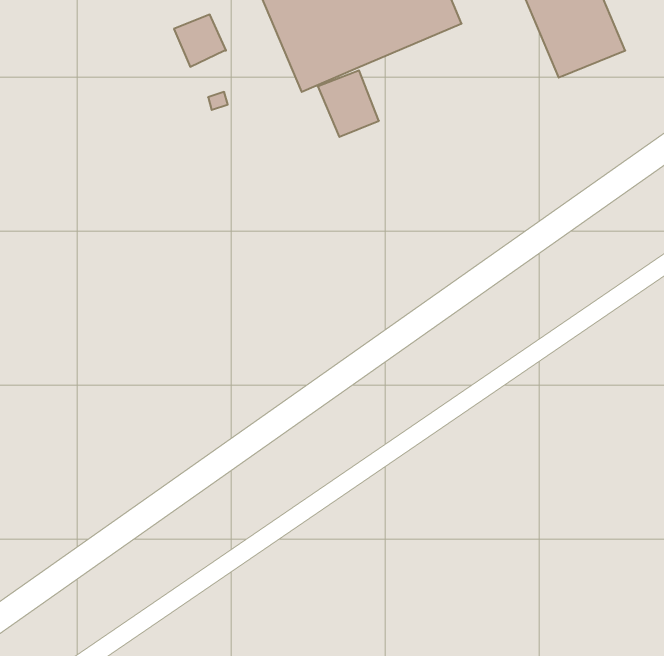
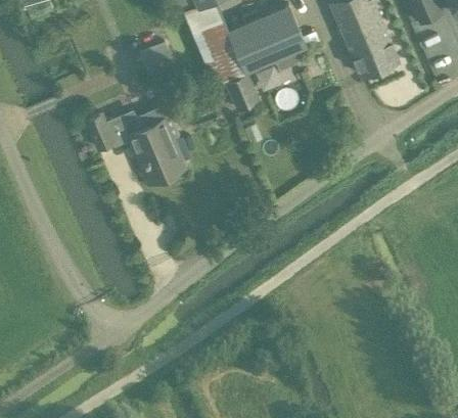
building: none -> [87,108,185,181]

